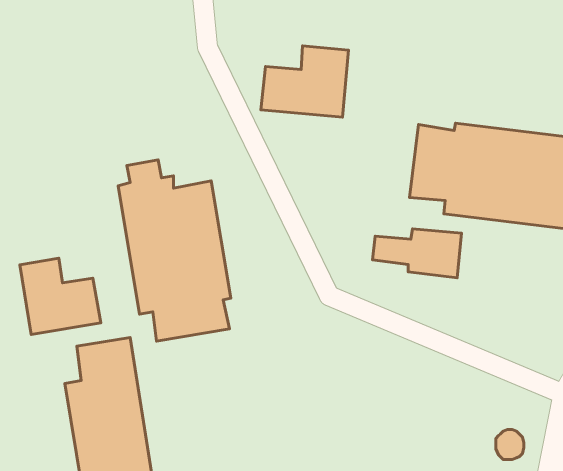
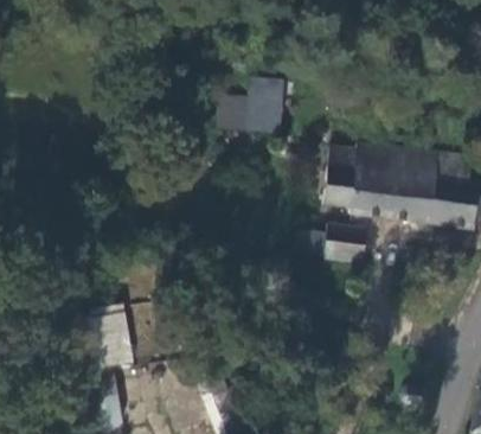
building: [118,160,231,341] -> none
building: [20,258,101,334] -> none

